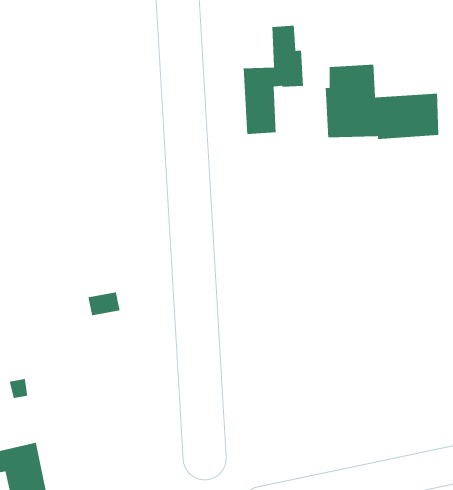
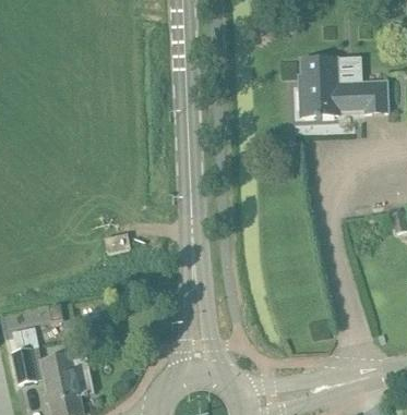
building: [243,25,304,135] -> none

